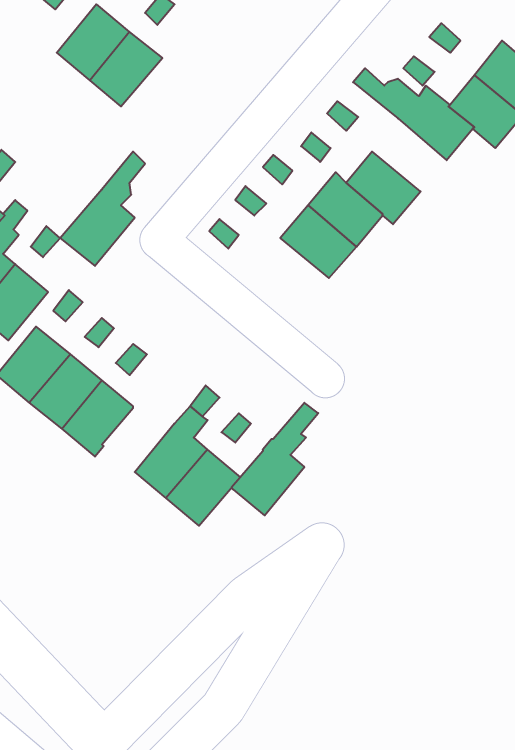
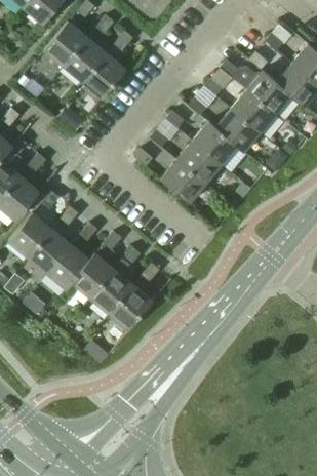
building: none -> [231,89,275,132]
building: [60,152,145,266] -> [82,31,132,98]
building: none -> [160,160,205,203]
building: [232,403,318,515] -> [71,232,122,299]

